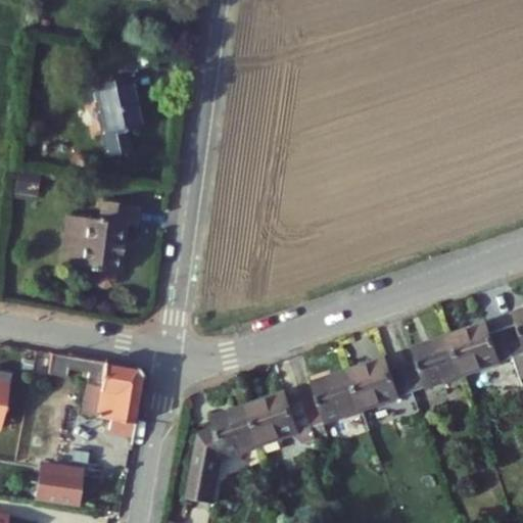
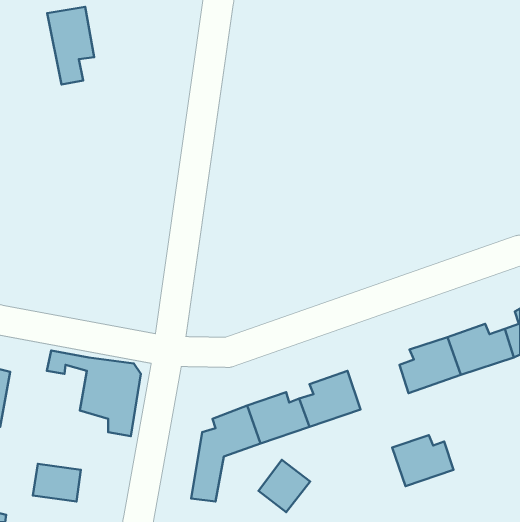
building: [96,85,143,162] -> [47,7,94,85]
building: [74,207,137,279] -> none
building: [347,359,409,410] -> [392,435,453,486]
building: none -> [258,460,310,512]

